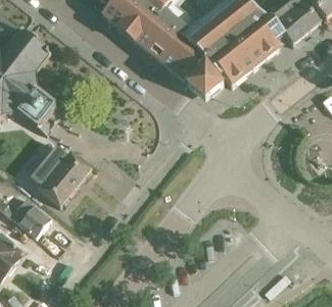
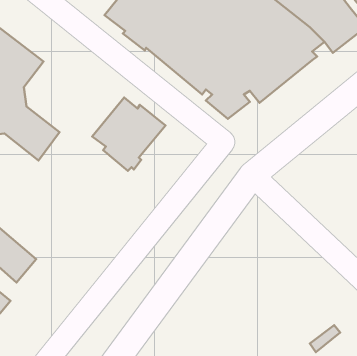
building: [30,145,91,206] -> [92,98,166,171]

